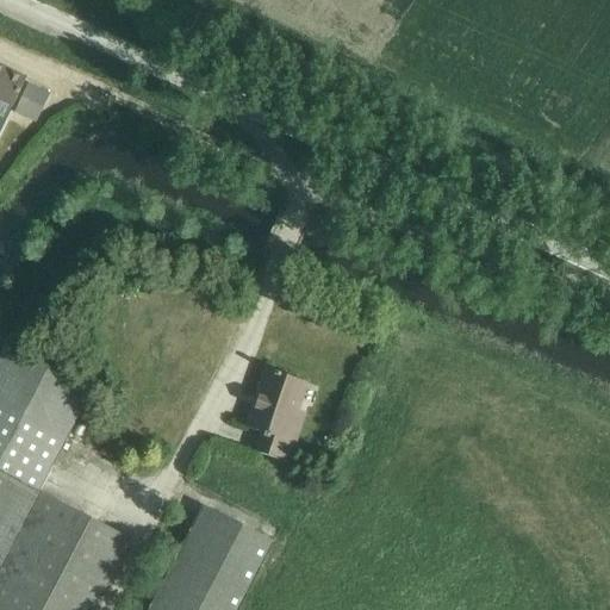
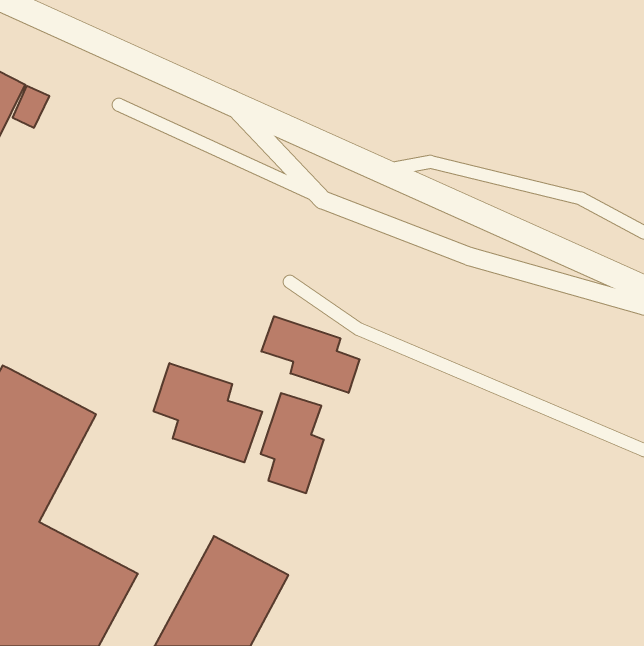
building: none -> [261,316,360,393]
building: none -> [154,363,262,462]

